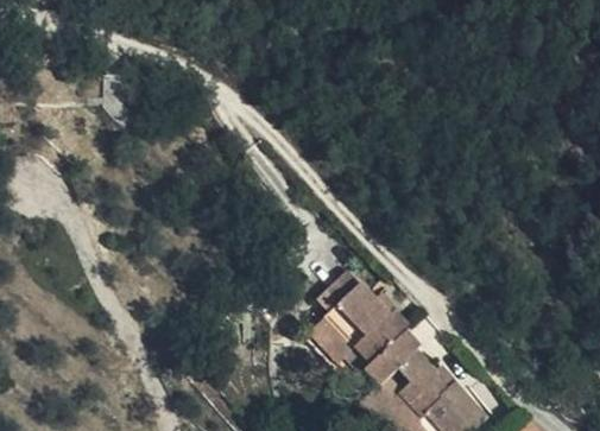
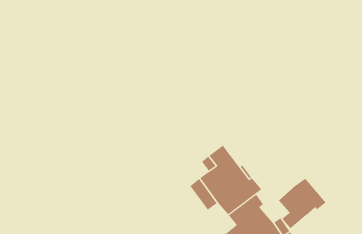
building: none -> [278,178,326,229]

